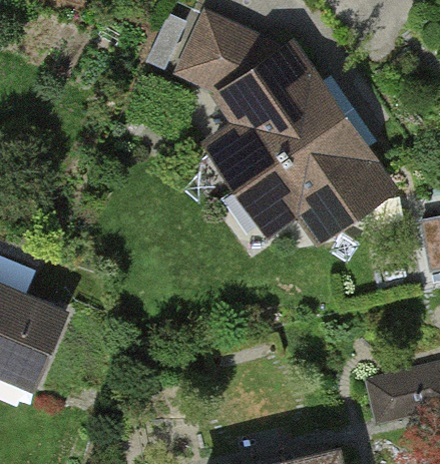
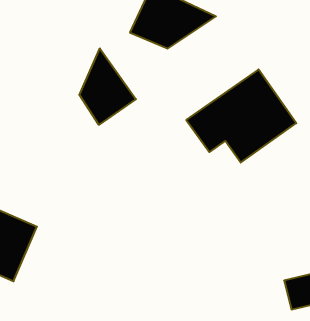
building: [223,49,342,181] -> none
building: none -> [79,48,136,125]

